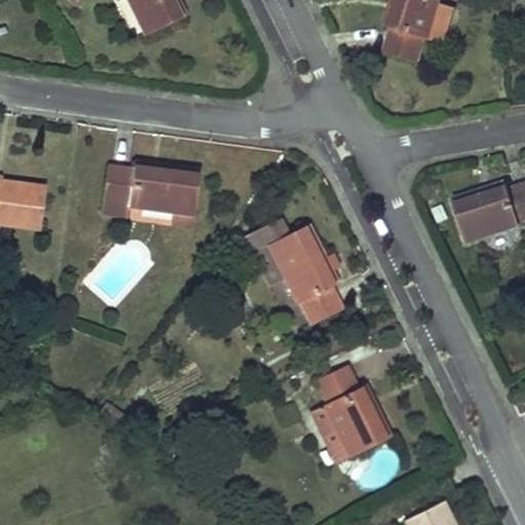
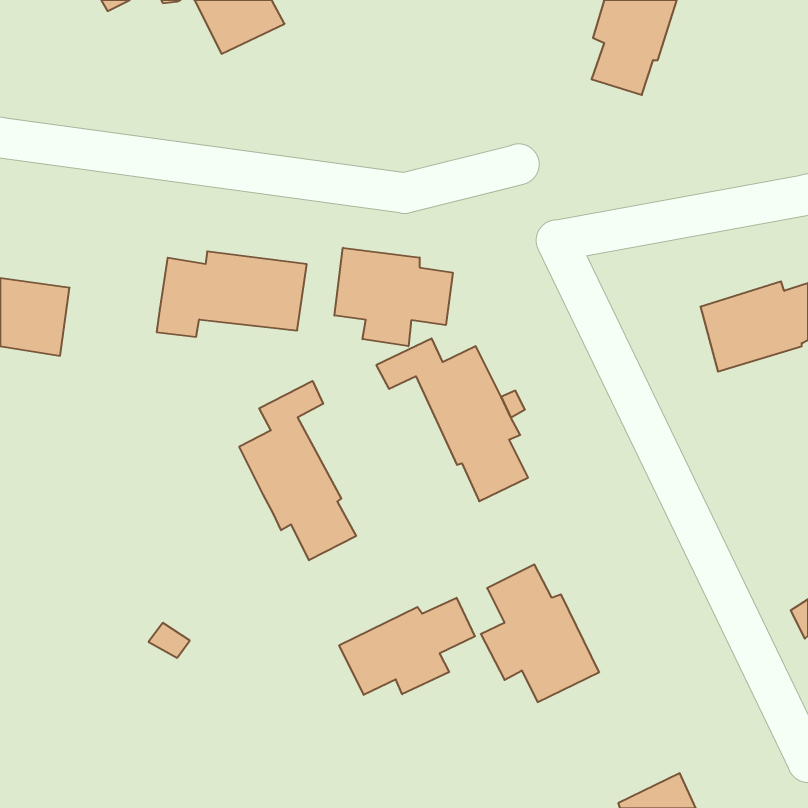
building: none -> [334,248,453,346]
building: none -> [239,381,356,560]
building: none -> [339,598,475,695]

